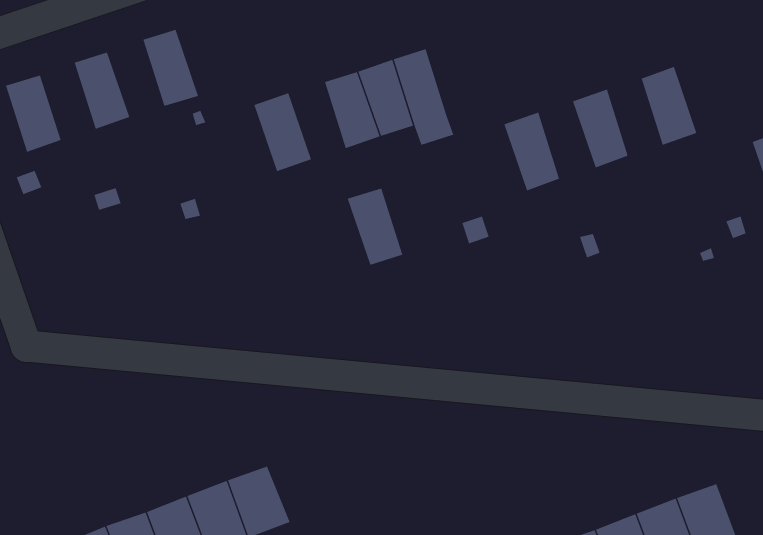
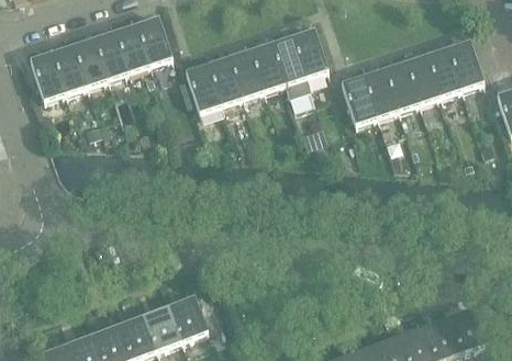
building: none -> [136,16,171,66]
building: none -> [292,29,327,78]
building: none -> [93,31,129,79]
building: none -> [447,41,483,89]
building: none -> [52,45,86,93]
building: none -> [405,55,439,103]
building: none -> [363,69,398,117]
building: [347,188,403,265] -> [207,57,242,105]

